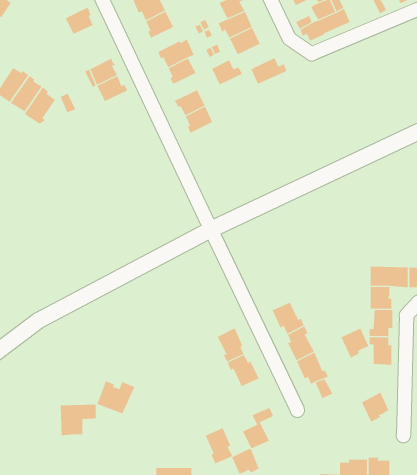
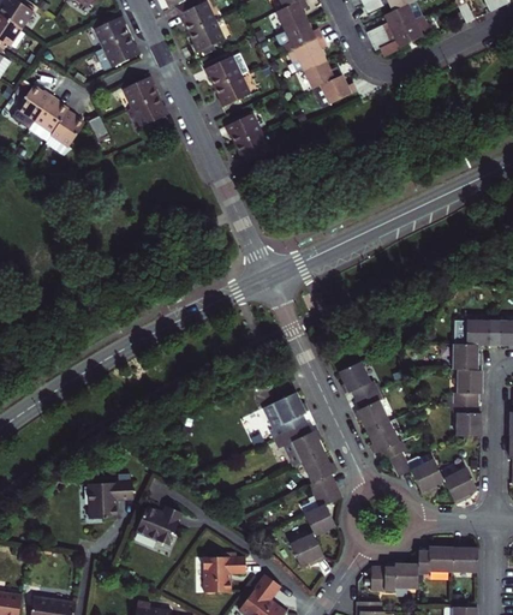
building: none -> [95,36,139,71]
building: [211,60,243,85] -> [303,58,340,88]
building: [340,328,369,359] -> [410,459,443,495]
building: [96,381,135,414] -> [135,503,180,543]
building: [205,427,233,464] -> [302,452,335,495]

